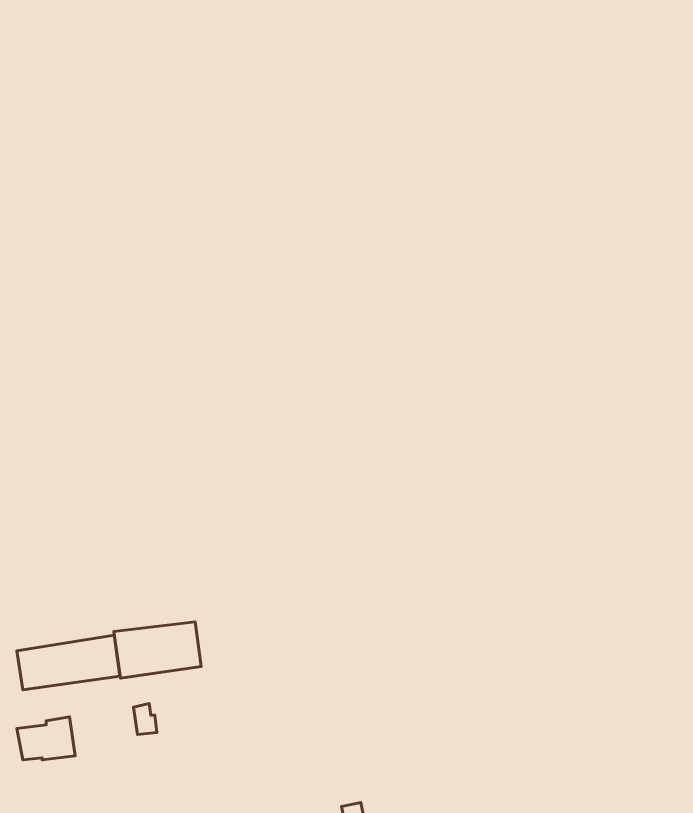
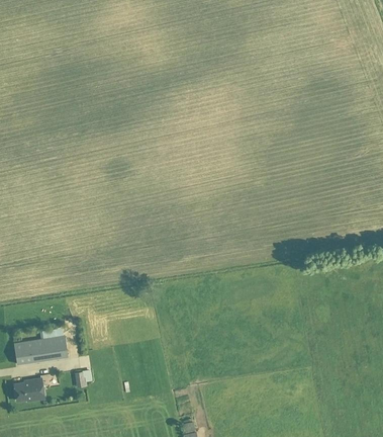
building: [114,622,201,678] -> none

